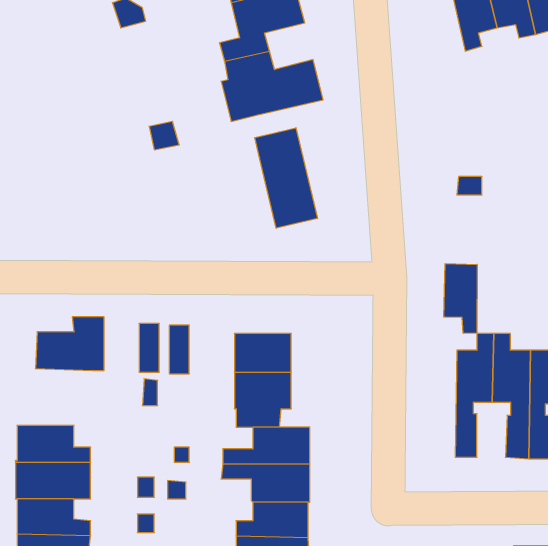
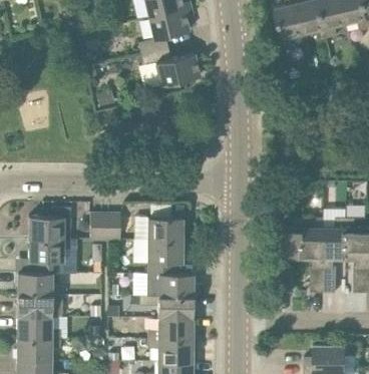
building: [255,128,317,228] -> none
building: [444,264,477,334] -> none
building: none -> [28,239,62,273]

